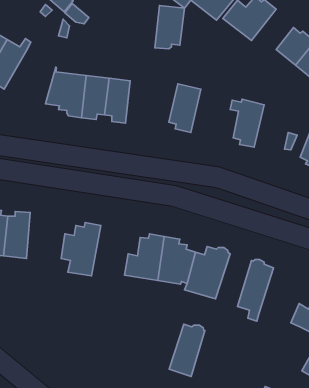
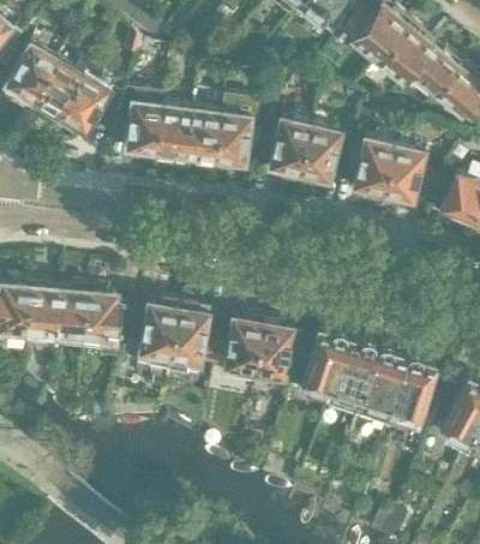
building: [155,5,184,49] -> [212,112,251,168]
building: none -> [377,18,432,80]
building: none -> [54,72,121,133]
building: none -> [298,122,341,184]
building: none -> [380,143,425,203]
building: none -> [83,283,133,355]
building: none -> [168,300,209,370]
building: none -> [386,353,439,428]
building: [169,324,205,377] -> [330,337,377,406]

